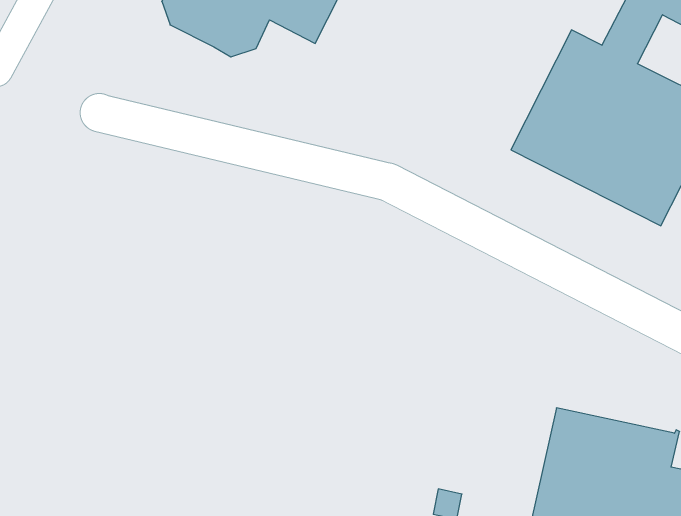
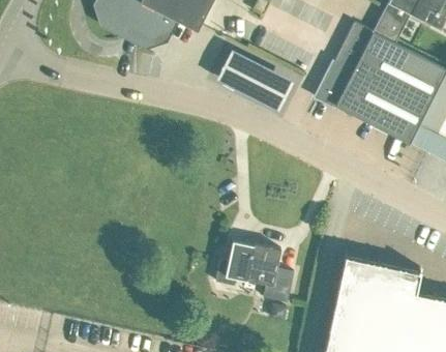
building: none -> [216,50,294,112]
building: none -> [215,242,293,302]

